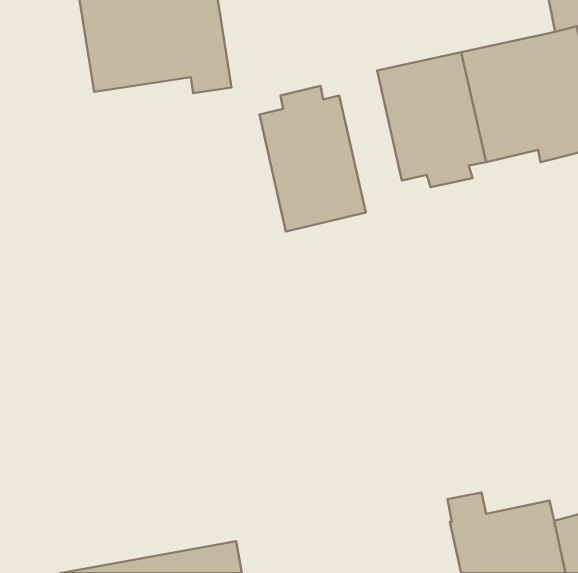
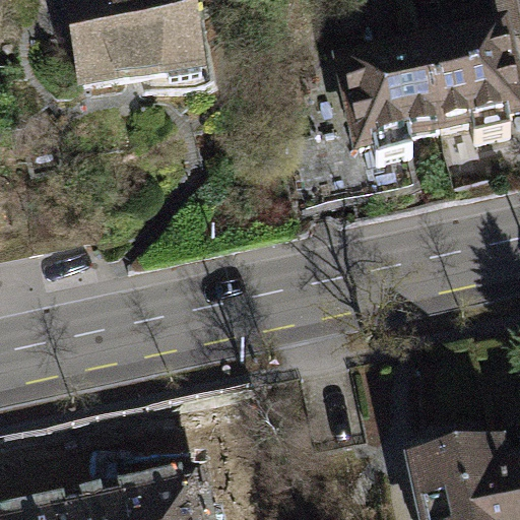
building: [259,86,366,232] -> none

